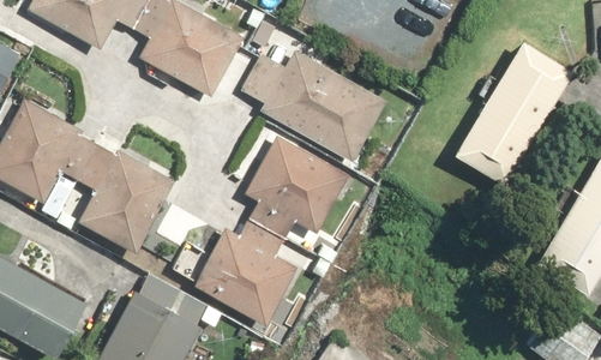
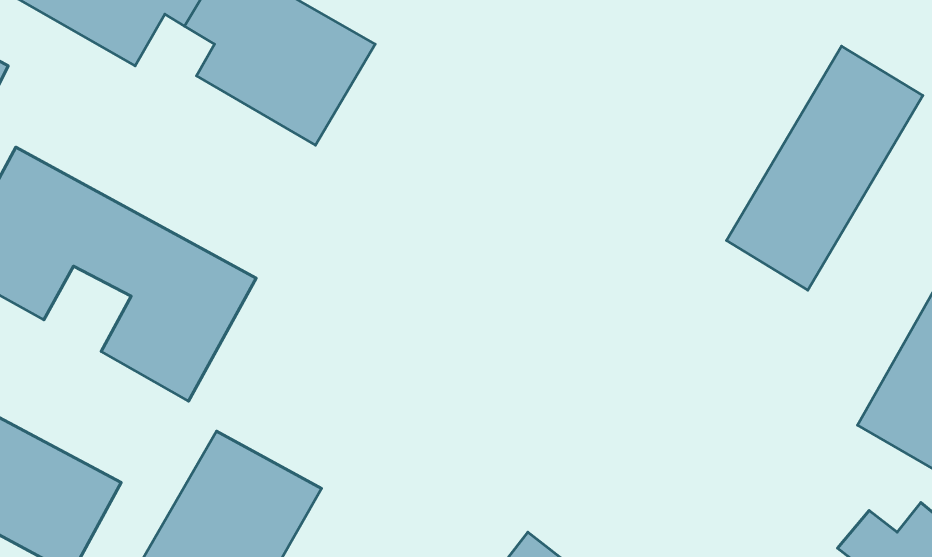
building: [240,49,385,166] -> none
building: [248,137,349,240] -> none
building: [193,224,300,325] -> none

